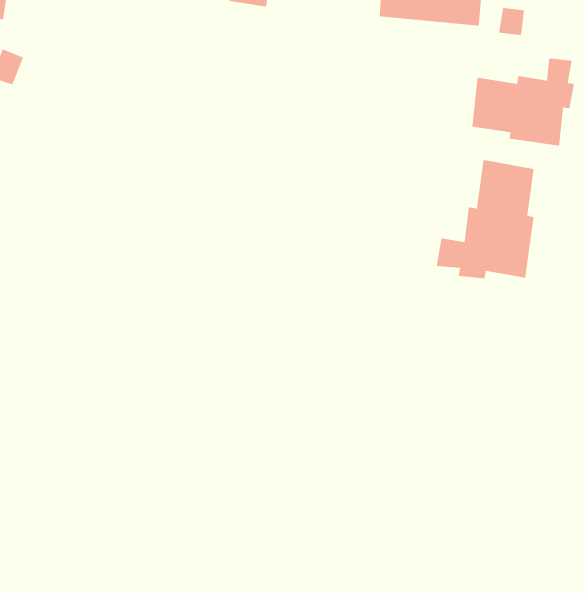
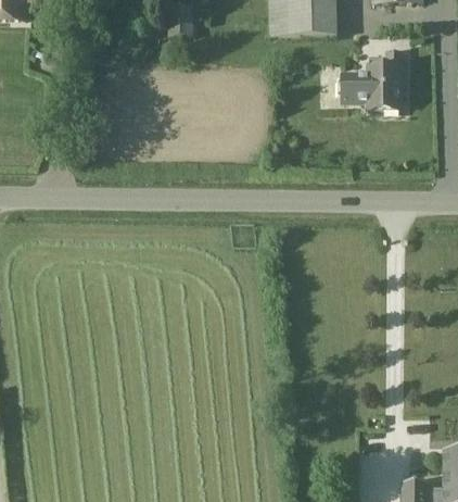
building: [436,159,534,279] -> none

